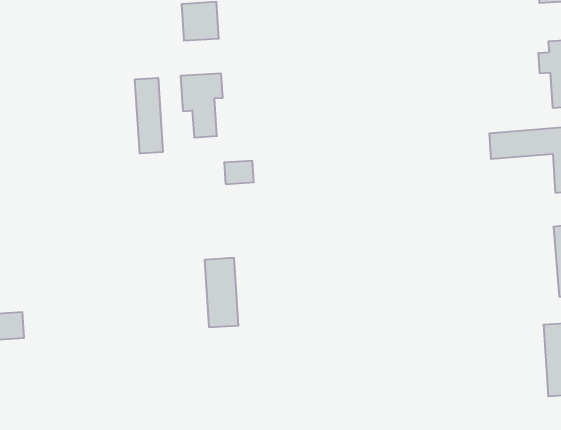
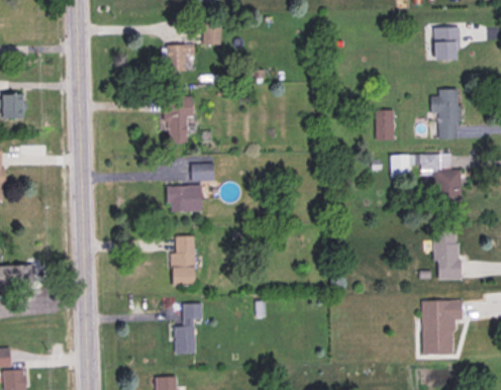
building: none -> [376,111,392,140]
building: [135,78,163,154] -> none
building: none -> [167,186,202,212]
building: none -> [174,303,202,354]

